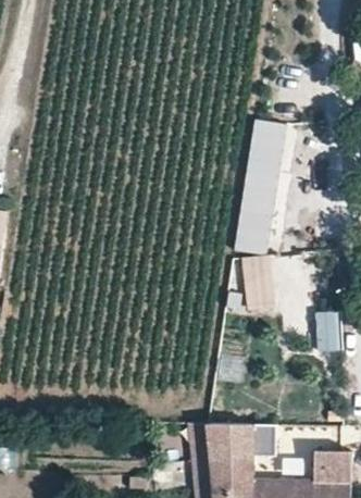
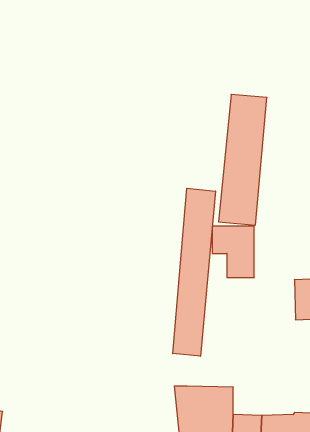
building: none -> [173,188,215,356]

